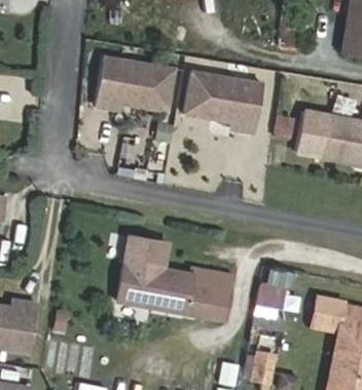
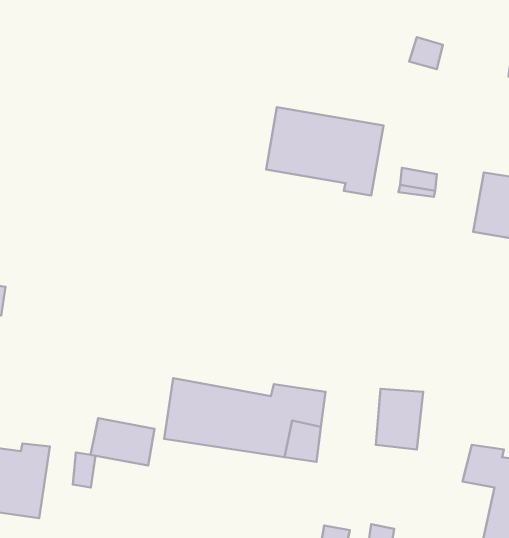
building: [94,60,174,114] -> none
building: [297,115,329,159] -> none
building: [119,233,162,265] -> [90,418,154,465]

